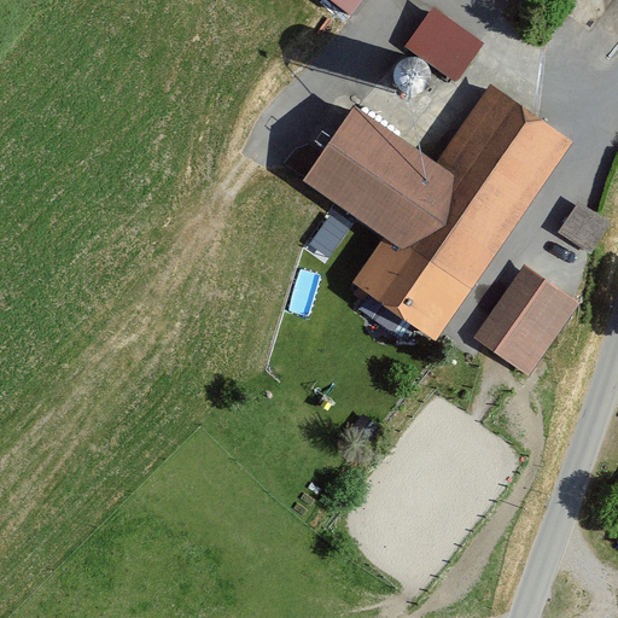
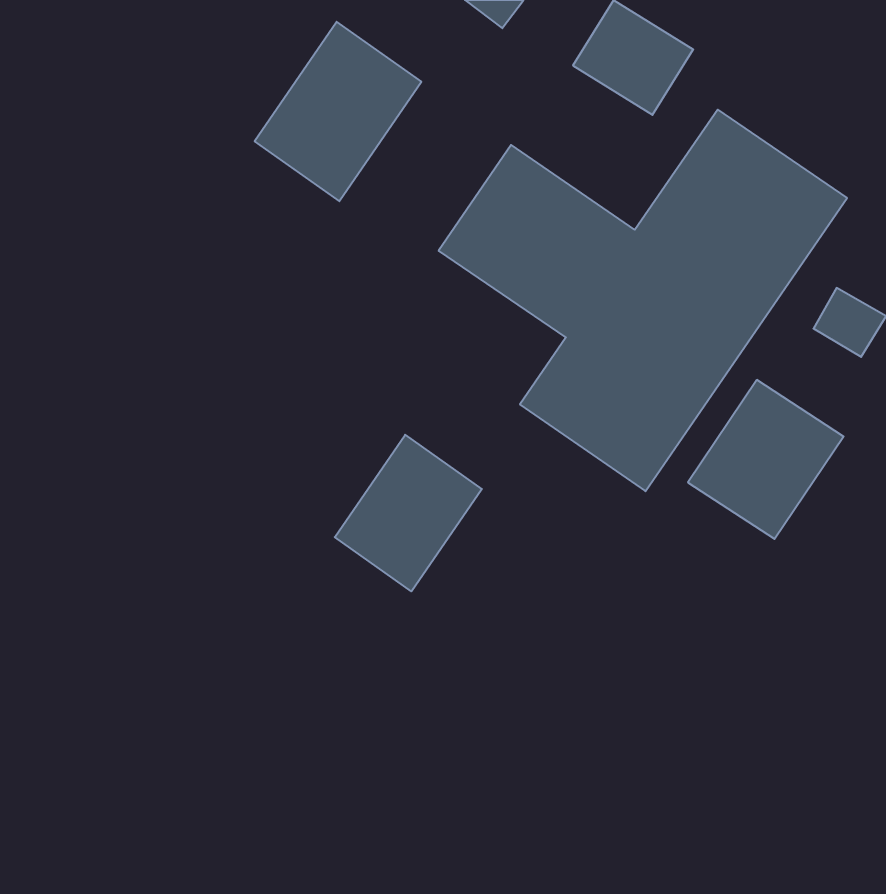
building: none -> [255,22,421,201]
building: none -> [335,435,482,591]

